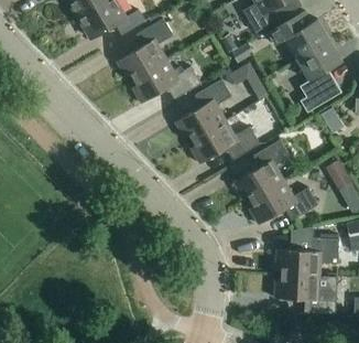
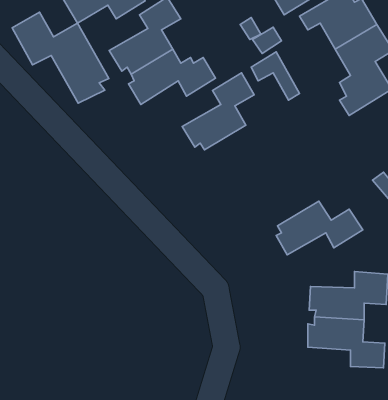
building: none -> [12,12,109,103]
building: [191,120,259,164] -> none
building: [233,139,290,201] -> none

